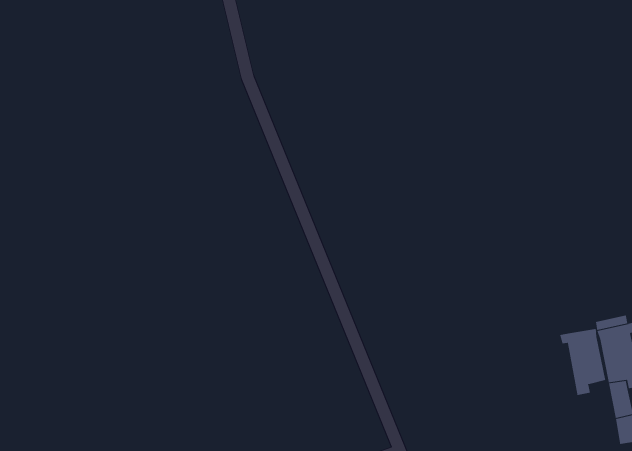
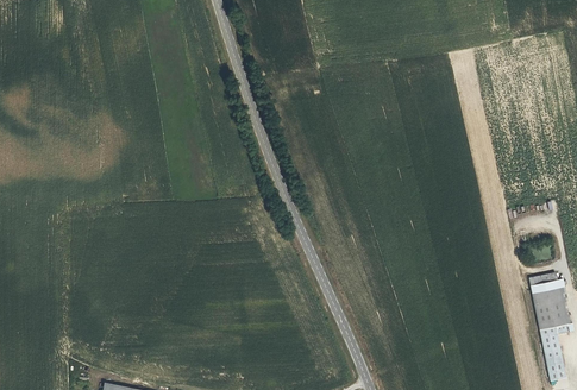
building: [560,328,606,396] -> none

